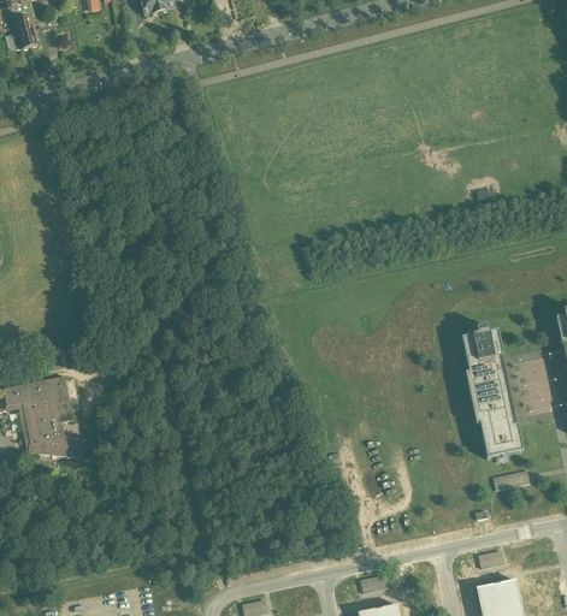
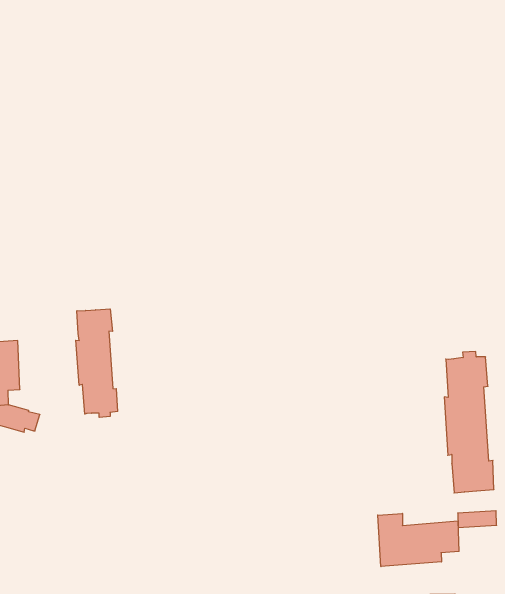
building: none -> [76,309,118,417]
building: none -> [378,513,459,567]

